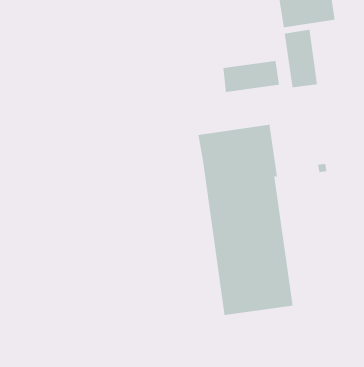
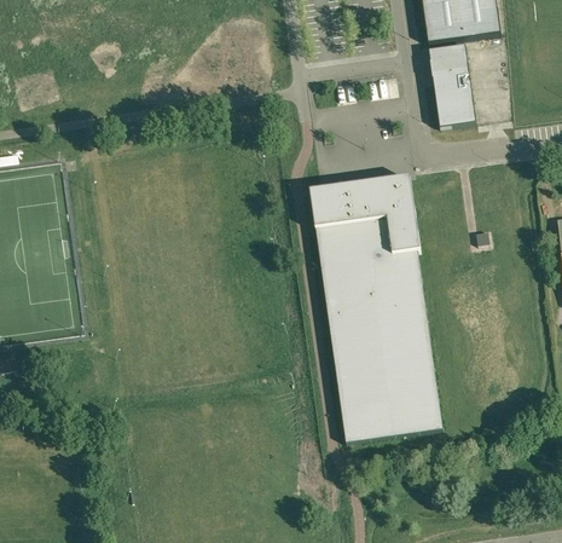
building: [222,60,280,93] -> none

